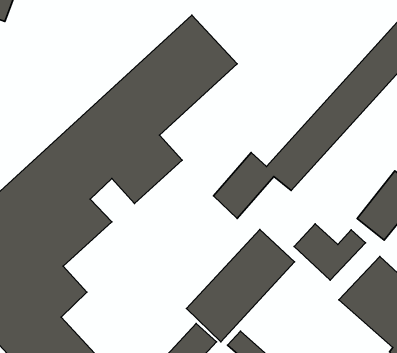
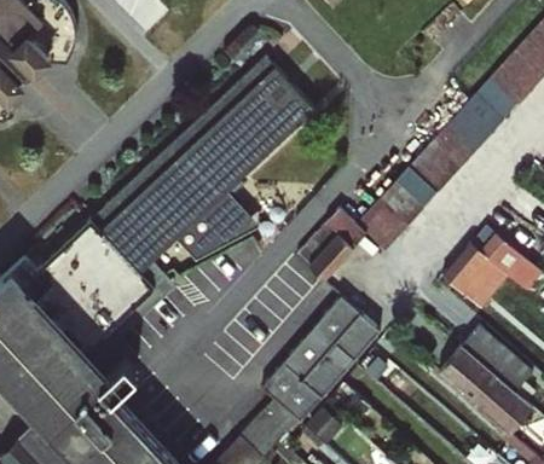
building: [294,224,366,280] -> none

